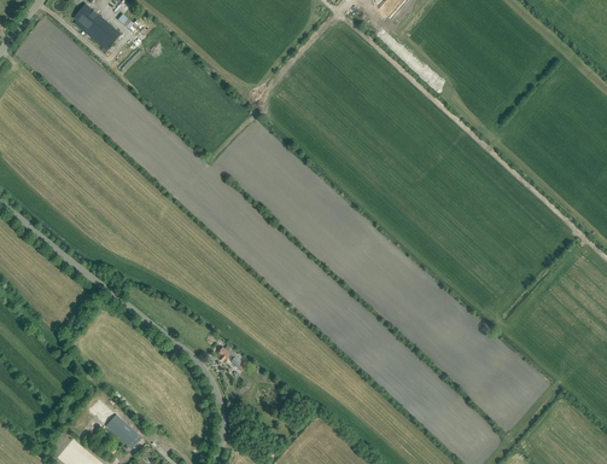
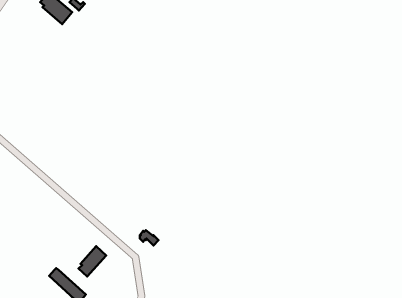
building: none -> [79,246,106,277]

